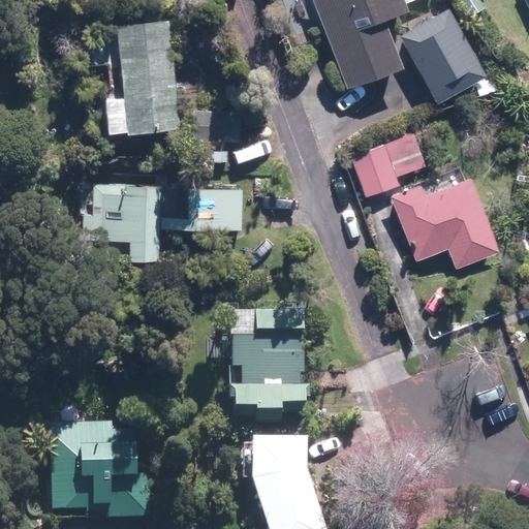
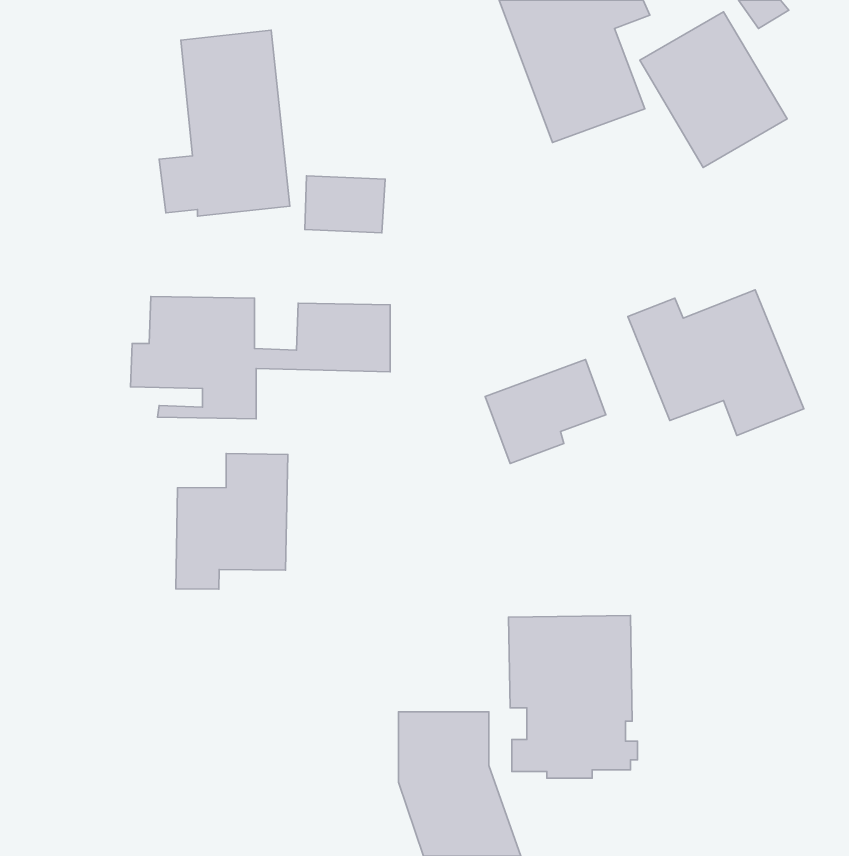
building: [352,132,427,196] -> [485,360,606,463]
building: none -> [176,454,288,589]
building: [229,312,309,412] -> [508,616,637,778]
building: [49,423,154,520] -> none

